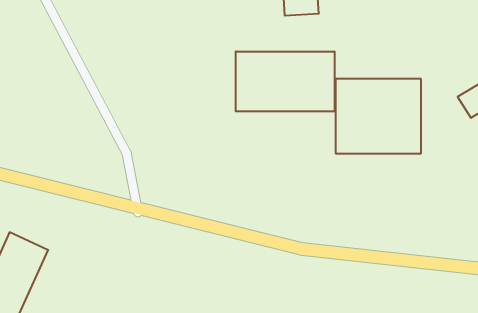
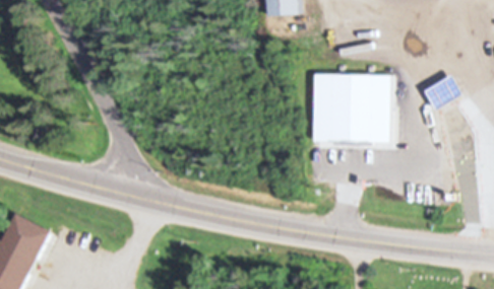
building: [236,51,334,111] -> none

